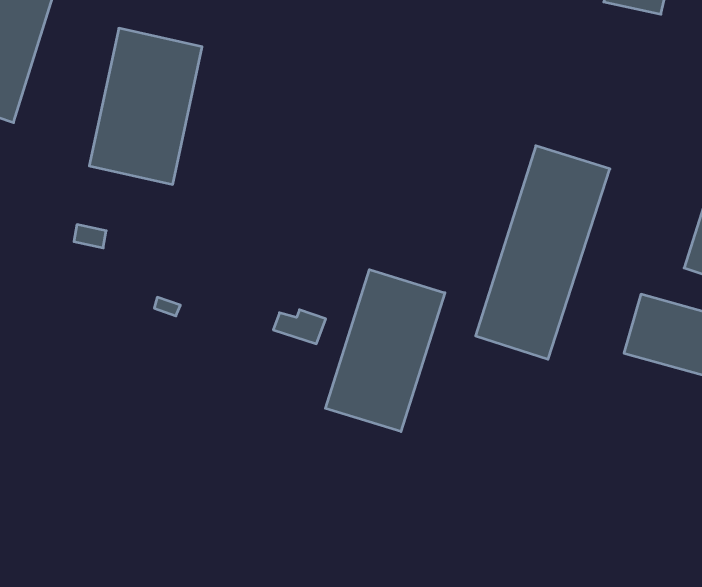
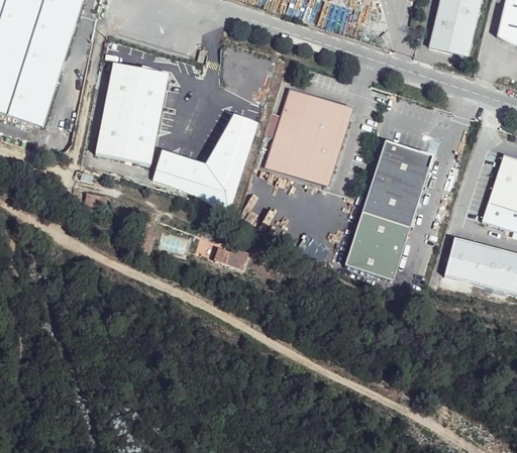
building: none -> [268,93,351,186]
building: none -> [152,110,258,209]
building: [325,270,445,432] -> none

